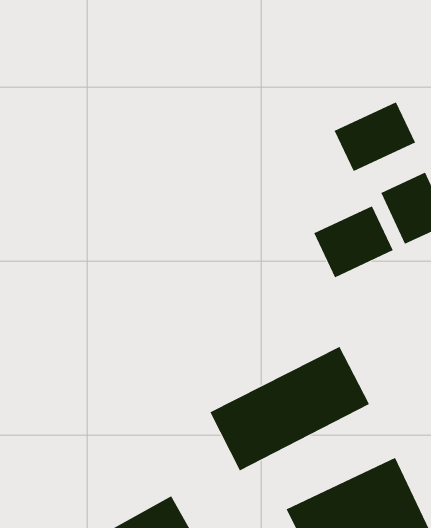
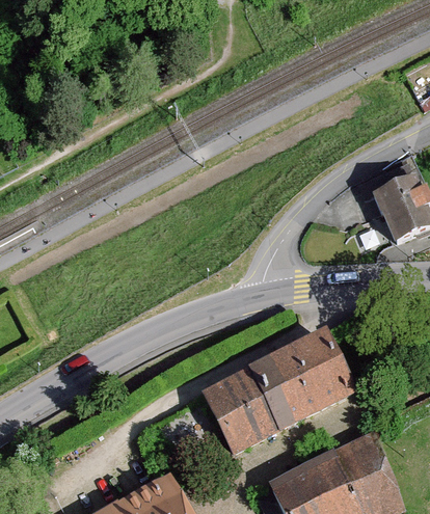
building: [334,101,416,172] -> none
building: [314,206,394,278] -> none

